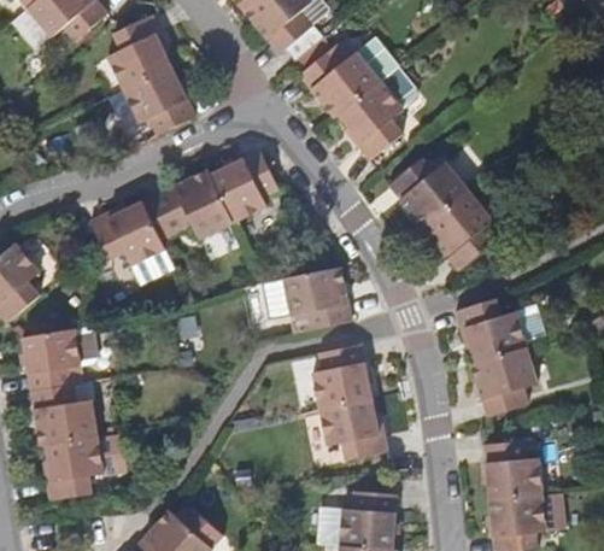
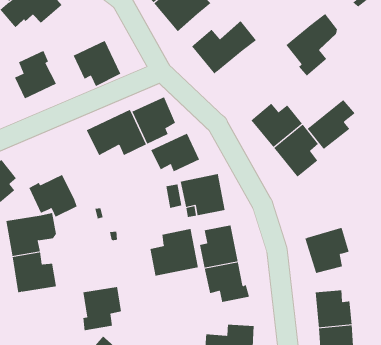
building: [107,14,171,88] -> [14,50,57,99]
building: [339,65,417,160] -> [285,13,338,76]
building: none -> [307,99,355,150]
building: [92,200,165,265] -> [29,174,78,218]
building: none -> [151,133,200,172]
building: [455,297,527,362] -> none
building: none -> [150,228,199,276]
building: [46,435,105,502] -> [82,287,122,331]

